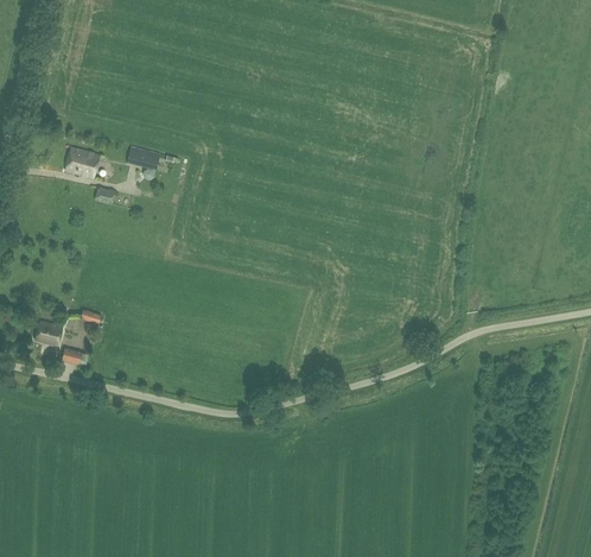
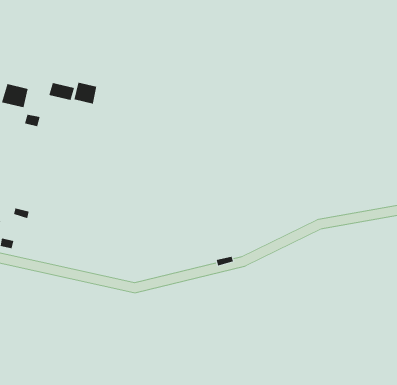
building: none -> [74,82,97,105]

